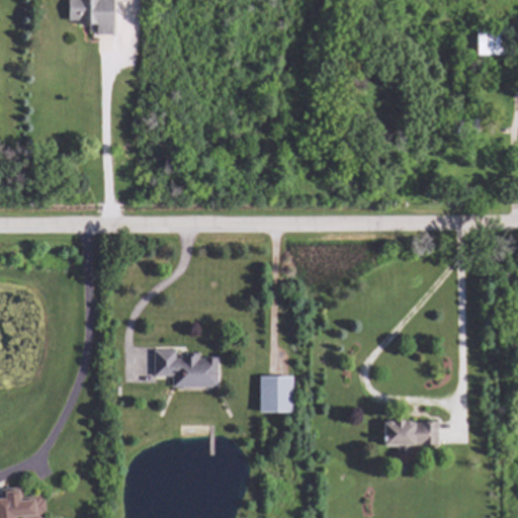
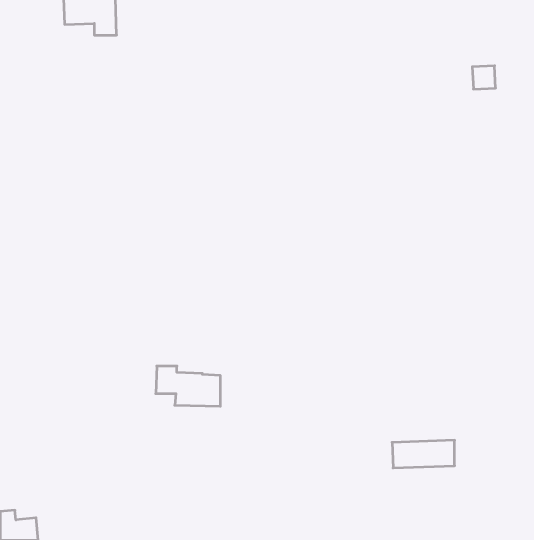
building: [477,32,499,55] -> [472,66,496,89]
building: [258,376,294,413] -> none

